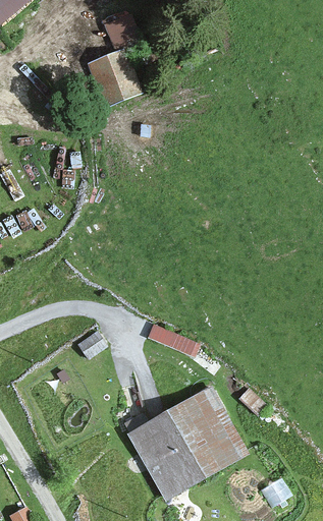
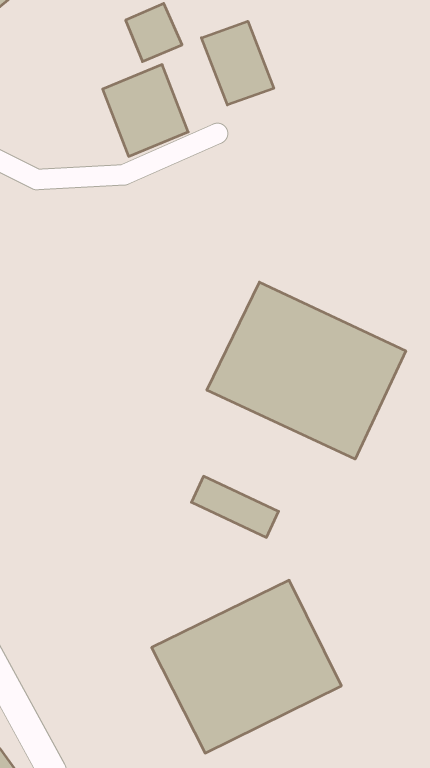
building: none -> [201,21,274,105]
building: none -> [207,282,406,459]

